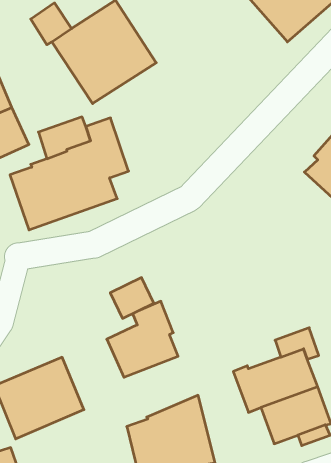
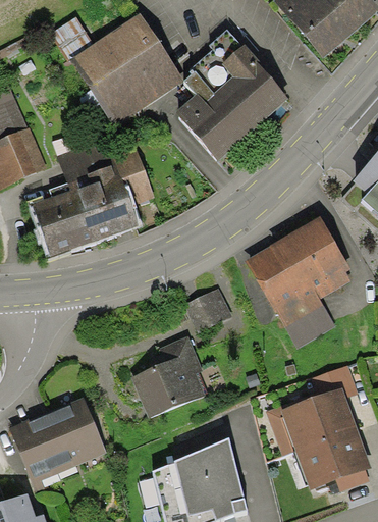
building: none -> [175,29,289,160]
building: none -> [245,216,350,349]
building: [110,278,154,318] -> [184,289,231,332]

